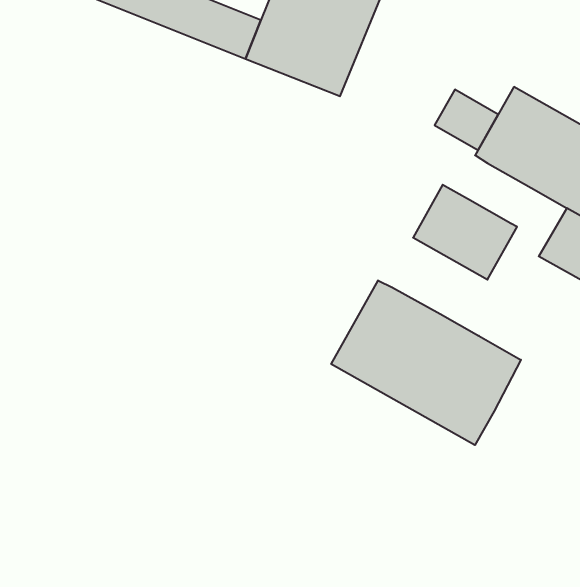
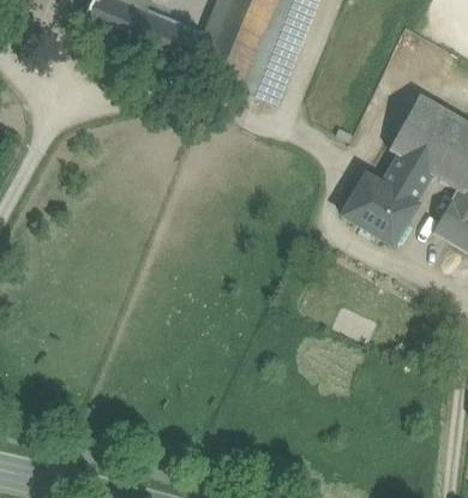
building: [435,90,498,150] -> [378,155,427,202]
building: [331,280,521,445] -> none

